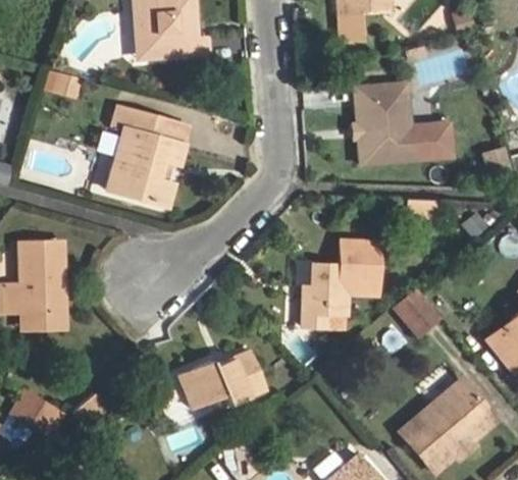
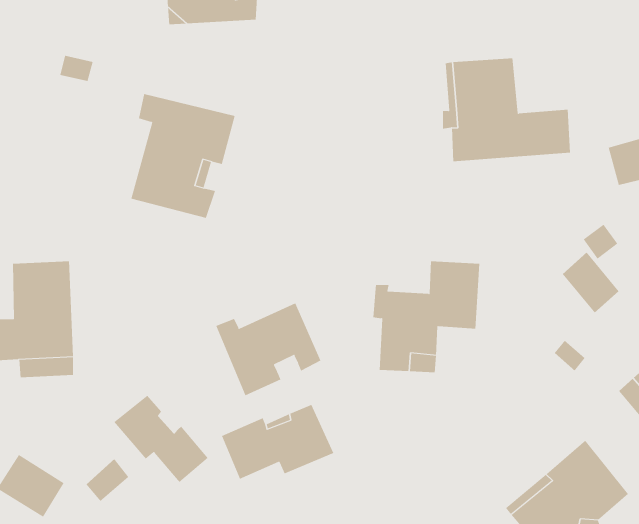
building: none -> [215,302,321,396]
building: [395,292,439,340] -> [562,252,620,314]
building: none -> [113,395,208,483]

